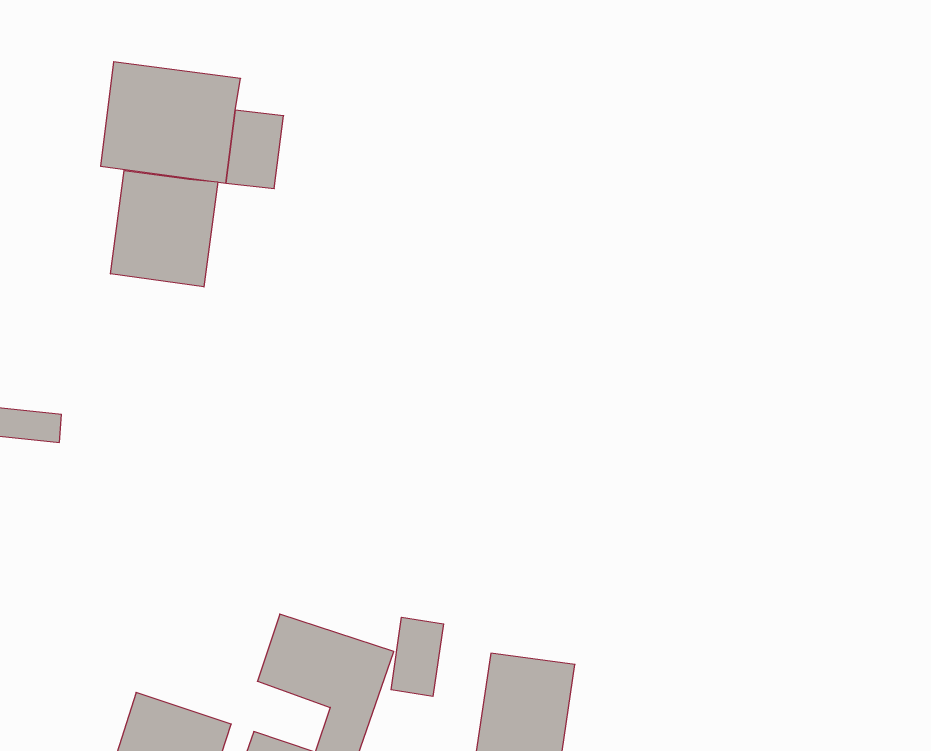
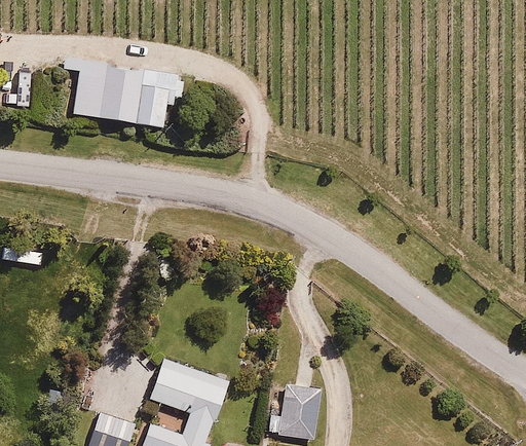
building: [111,170,218,287] -> none
building: [391,617,444,696] -> none

